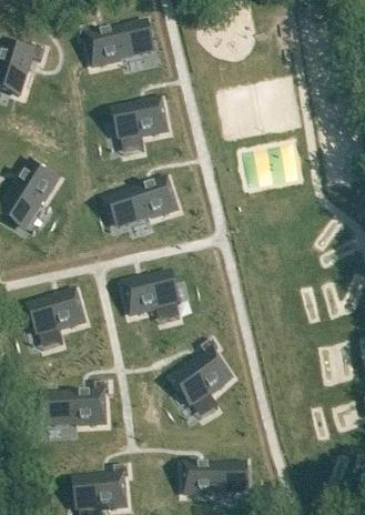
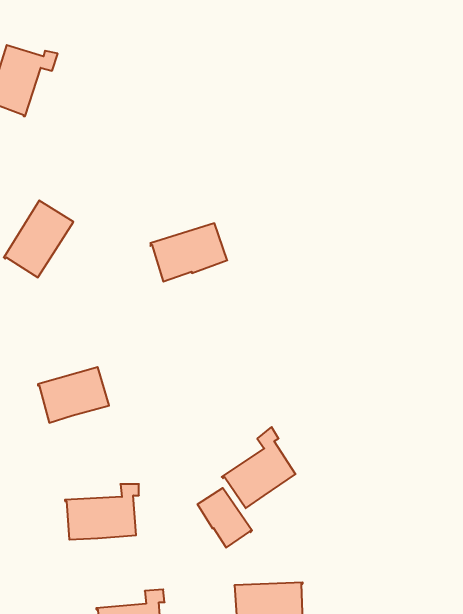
building: [79,27,143,69] -> none
building: [114,102,168,142] -> none
building: [123,275,176,317] -> none
building: none -> [198,488,252,548]

